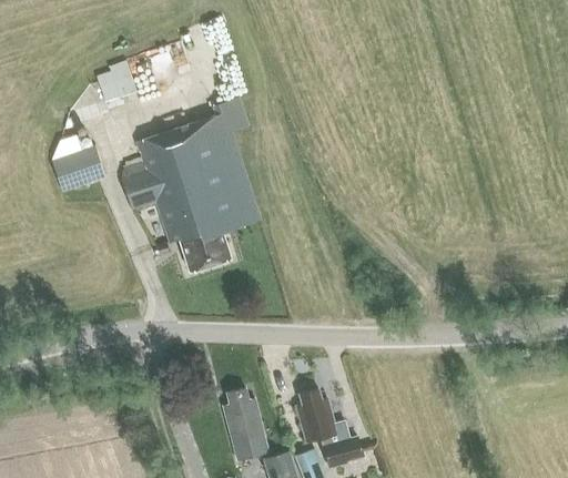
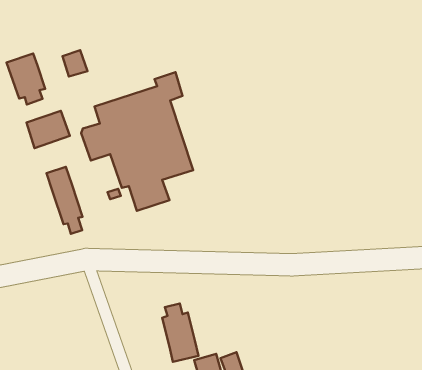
building: none -> [7,53,45,105]
building: none -> [46,167,82,234]
building: [296,390,363,467] -> none

